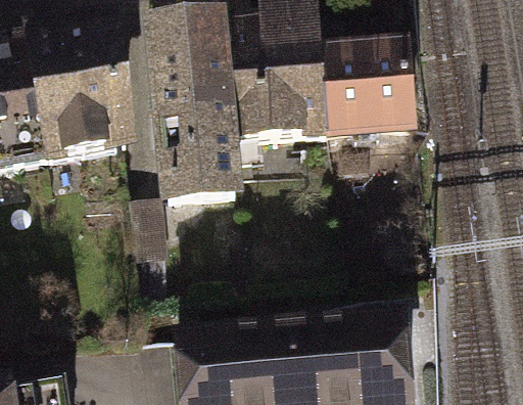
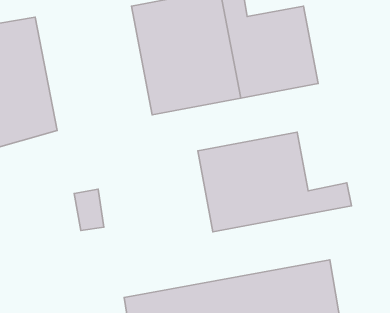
building: [150,27,230,205] -> none
building: none -> [198,132,351,232]

